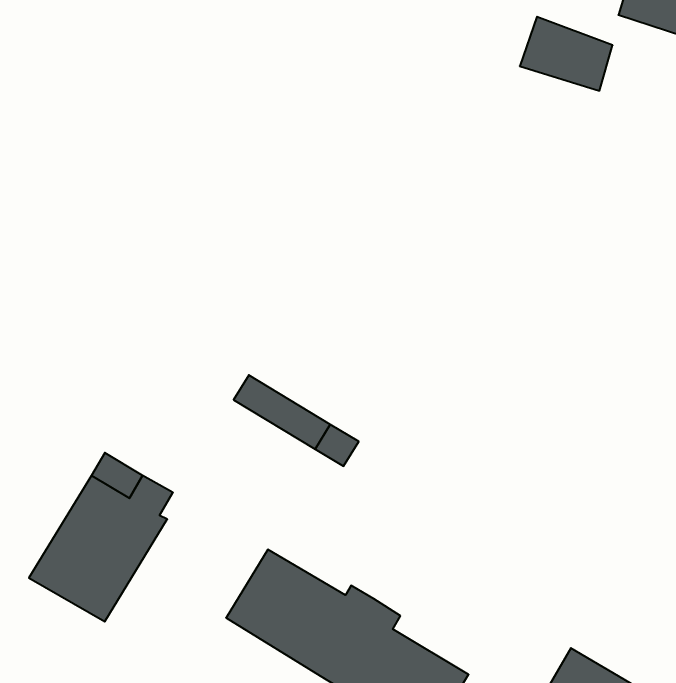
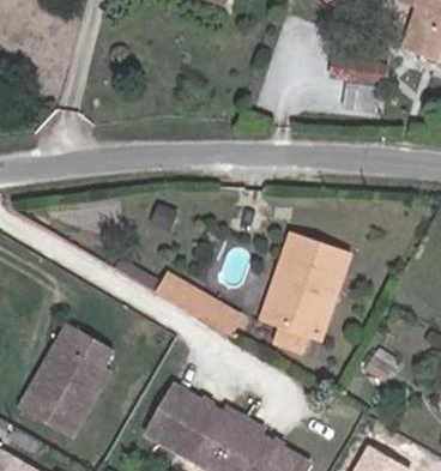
building: none -> [256,231,348,350]

